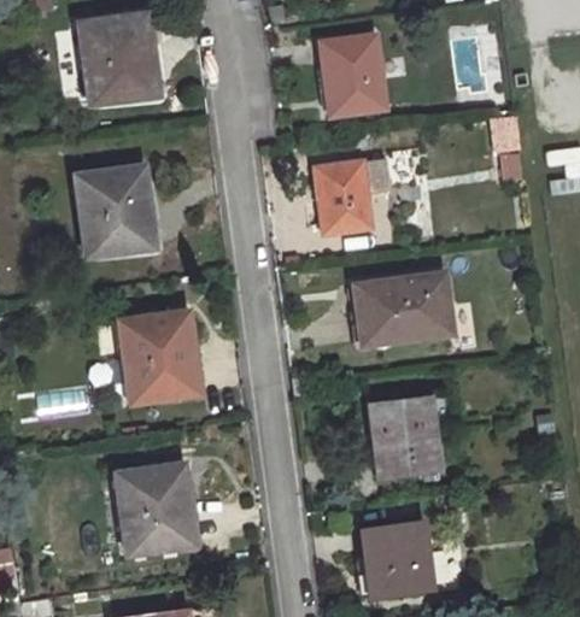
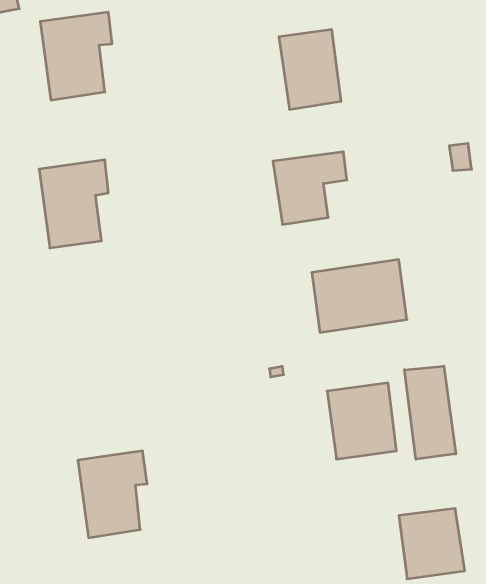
building: [119,315,192,404] -> none
building: none -> [404,366,456,459]
building: [365,517,433,589] -> [399,509,465,579]

